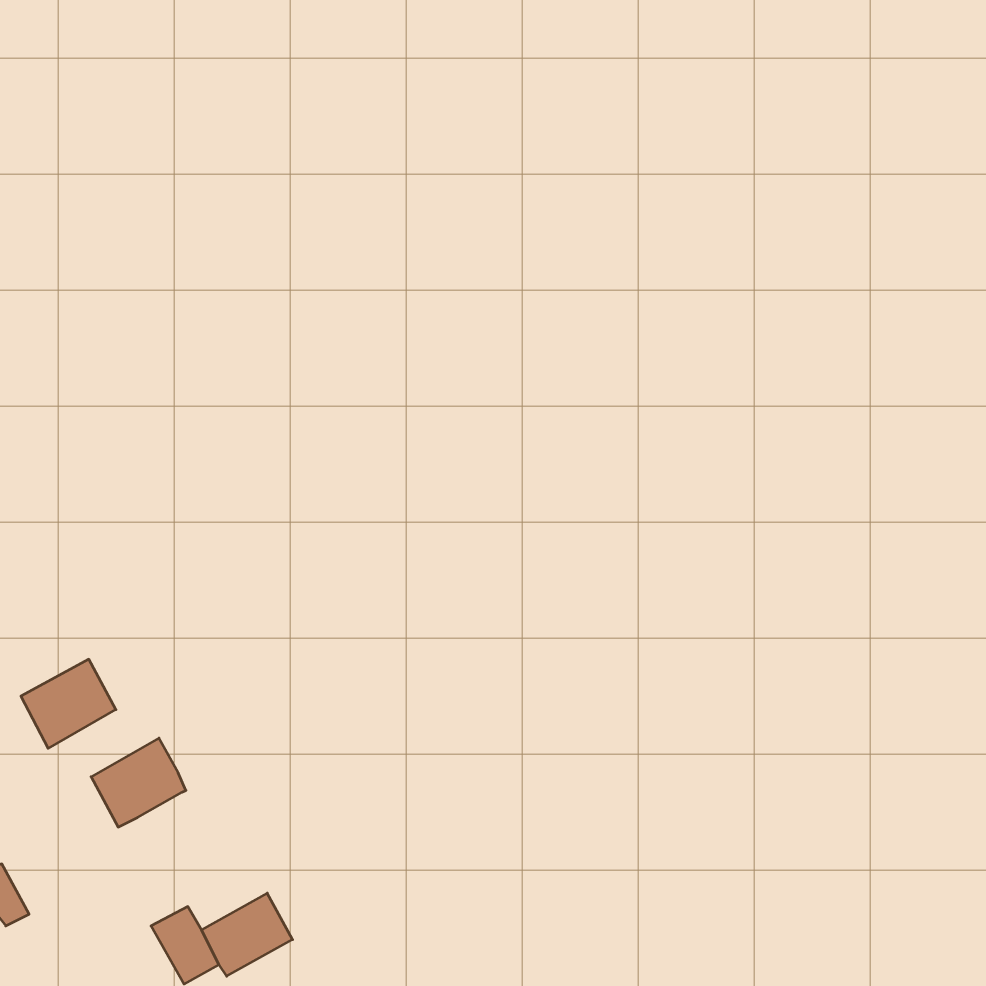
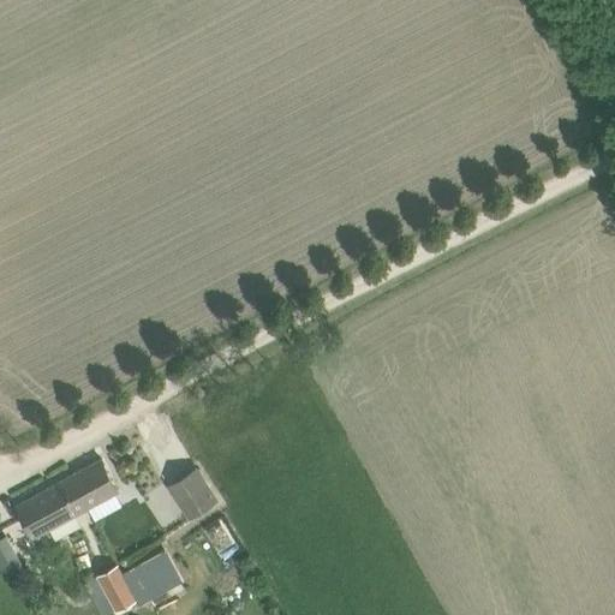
building: [21,659,116,748] -> [14,484,73,539]
building: none -> [167,470,214,518]

